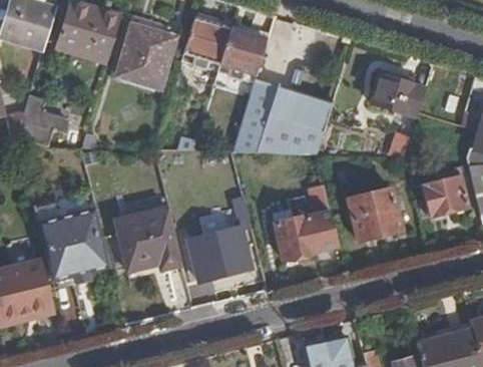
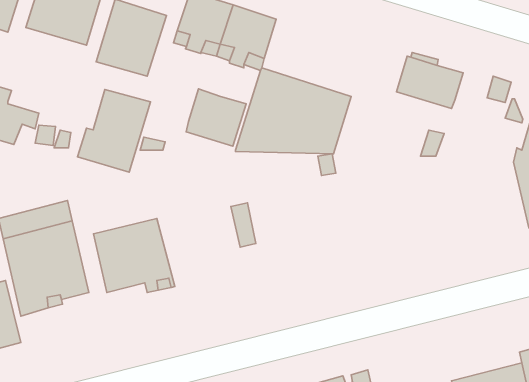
building: none -> [186,89,246,146]
building: none -> [78,89,150,172]
building: [421,173,468,219] -> none
building: [271,186,338,263] -> none
building: [347,187,400,239] -> none
building: [187,228,245,281] -> none

